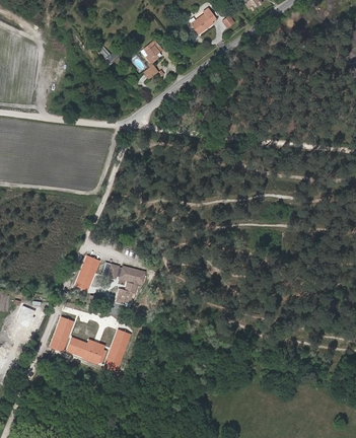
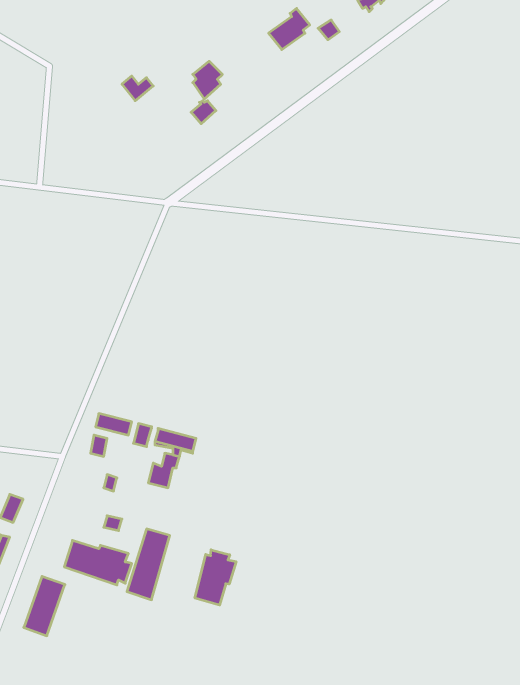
building: [49,316,74,353] -> [24,576,65,636]
building: none -> [195,550,236,605]

